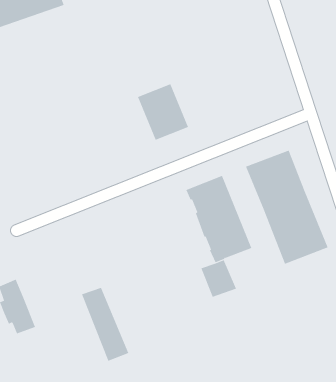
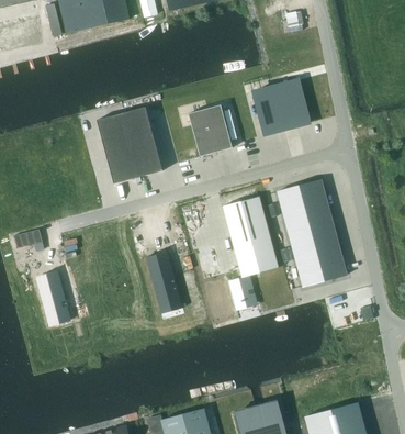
building: none -> [252,79,307,134]
building: none -> [95,107,161,183]
building: [81,287,129,362] -> [148,252,187,322]

